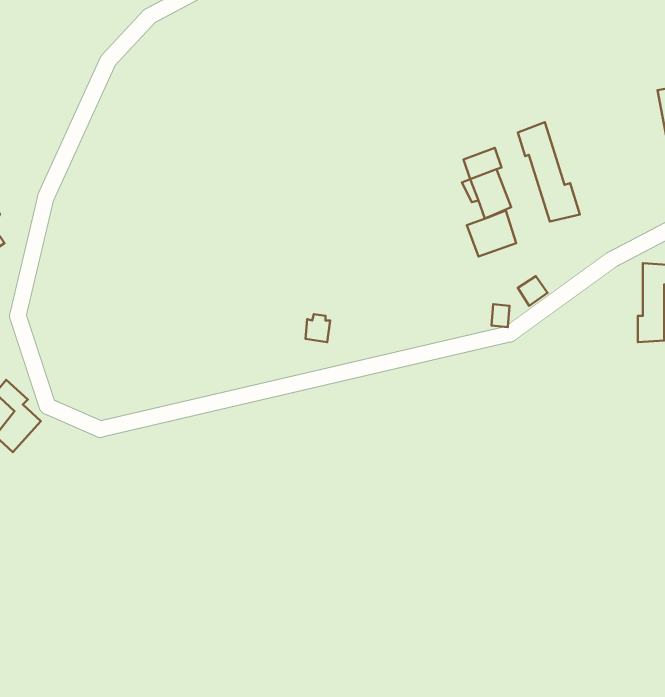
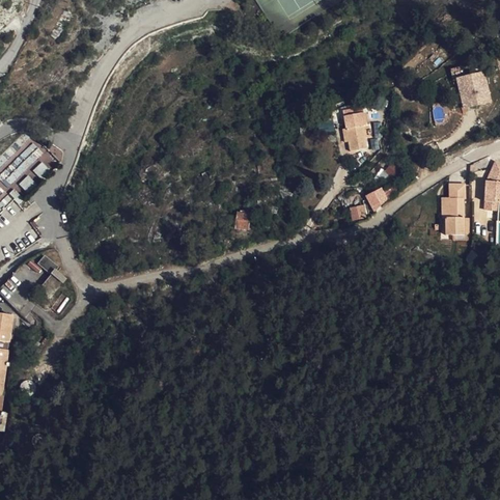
building: [518,122,580,222] -> none
building: [467,211,516,257] -> none

